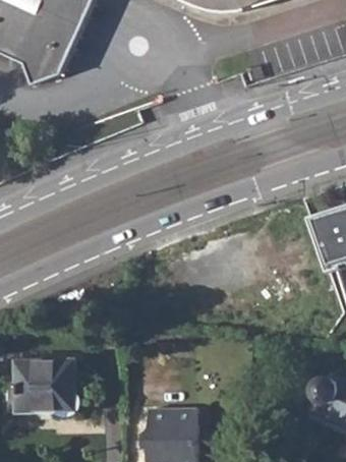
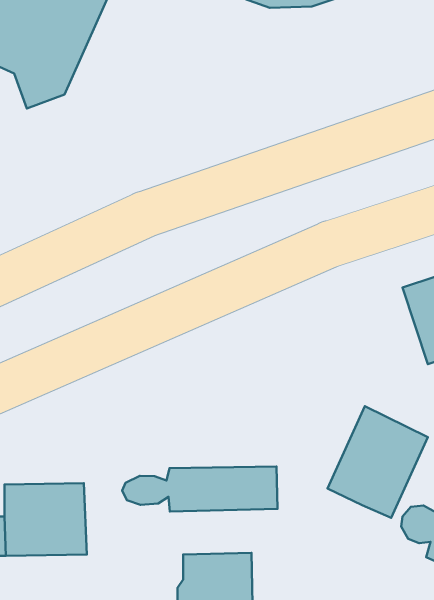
building: none -> [327,406,428,518]
building: none -> [122,467,277,511]

